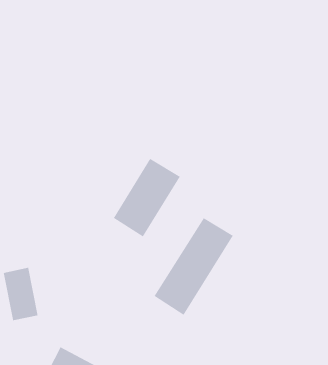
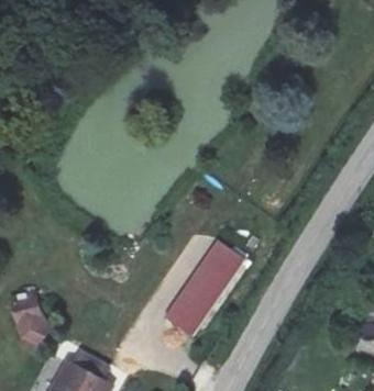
building: [113,158,181,237] -> none

